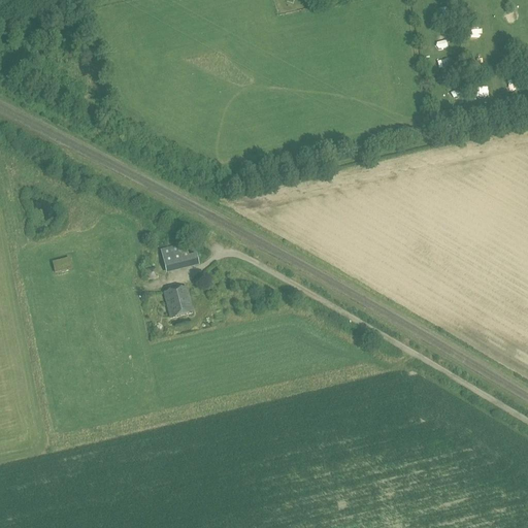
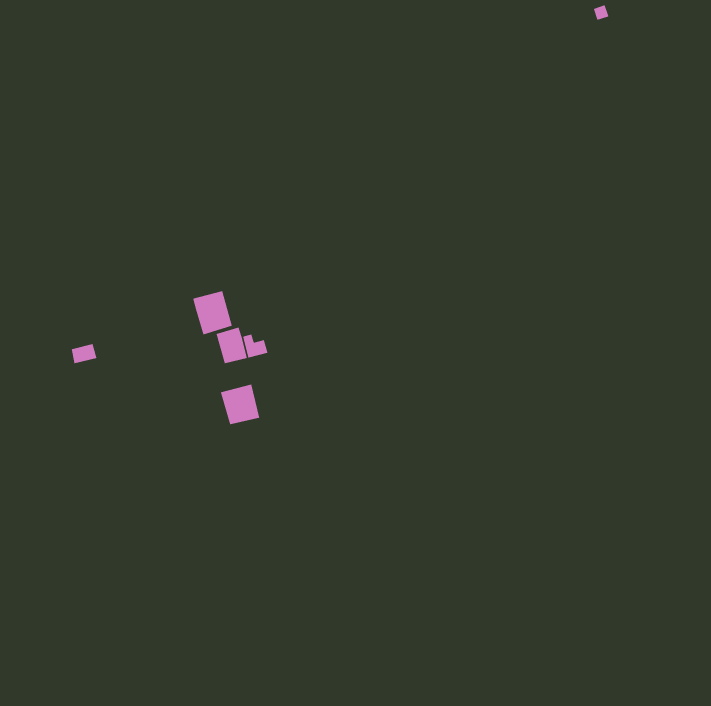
building: none -> [192,290,233,336]

